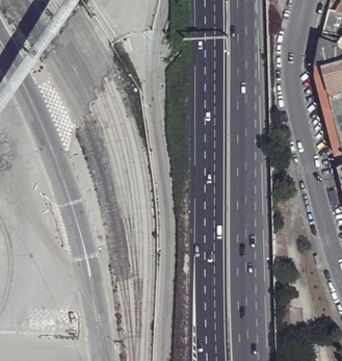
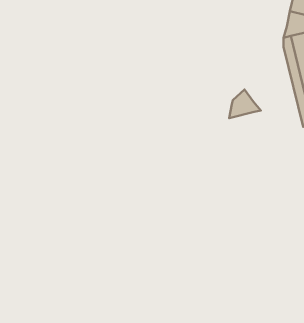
building: none -> [229,90,261,118]

